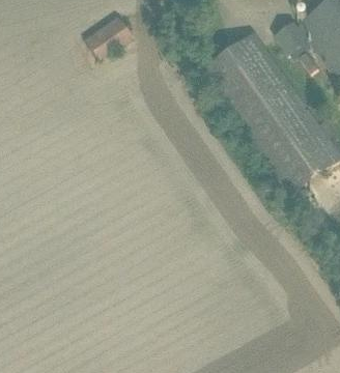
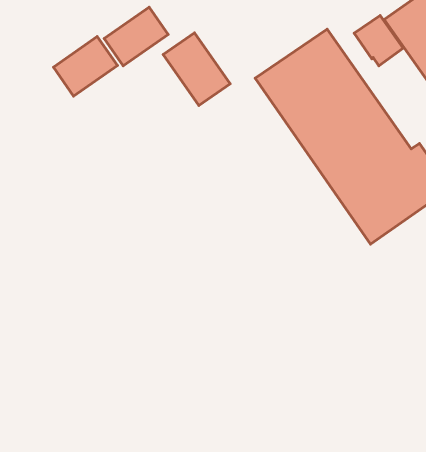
building: none -> [163,33,230,106]
building: none -> [53,36,117,96]

